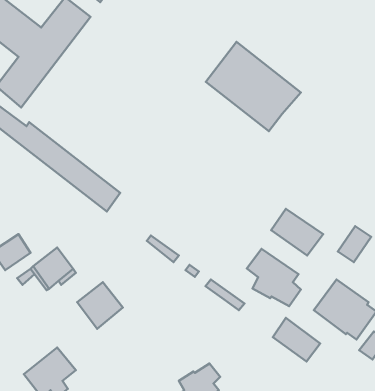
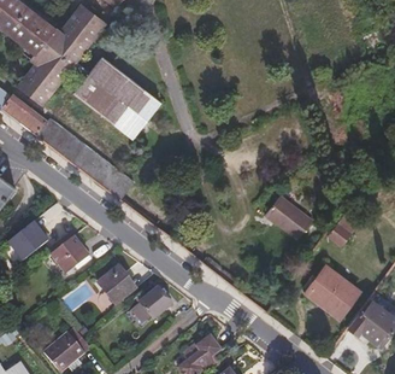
building: [206,42,301,131] -> [73,59,159,140]
building: [247,249,301,306] -> none
building: none -> [136,287,171,319]
building: [273,318,320,362] -> none

